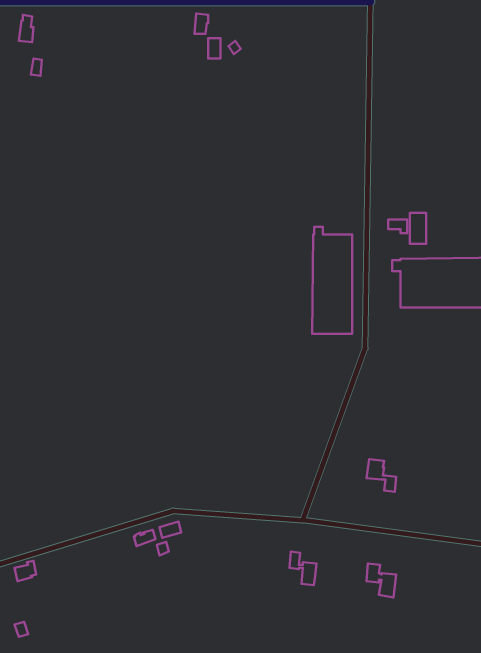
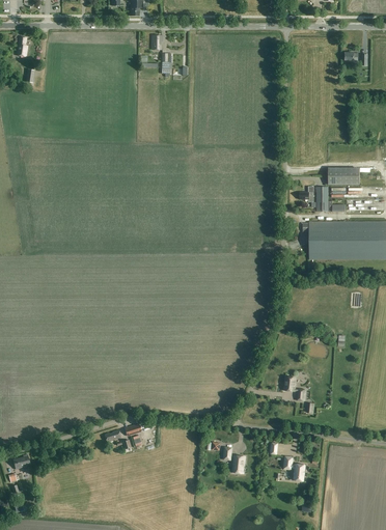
building: none -> [328,167,360,185]
building: [312,227,352,334] -> none

